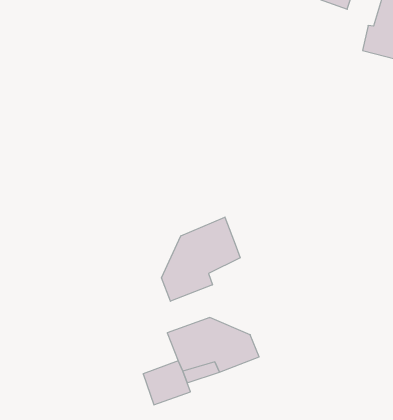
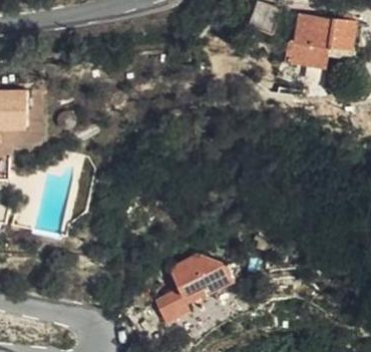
building: [162,217,240,301] -> none

